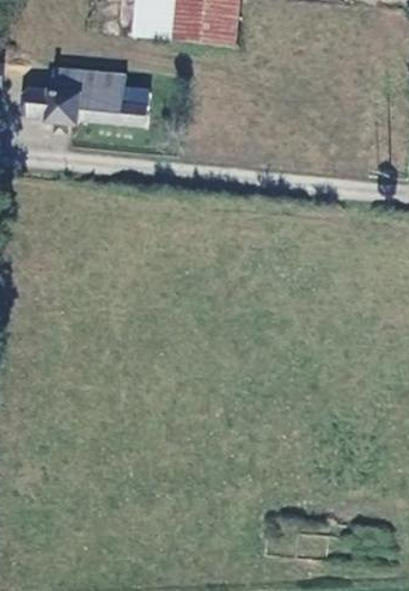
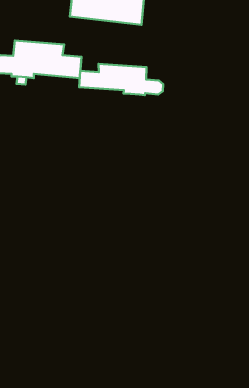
building: none -> [79,64,163,95]

